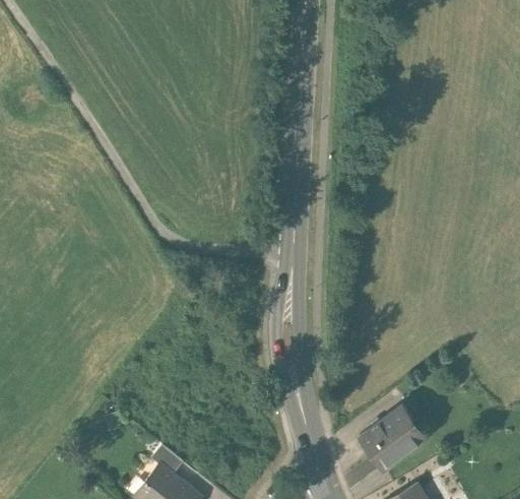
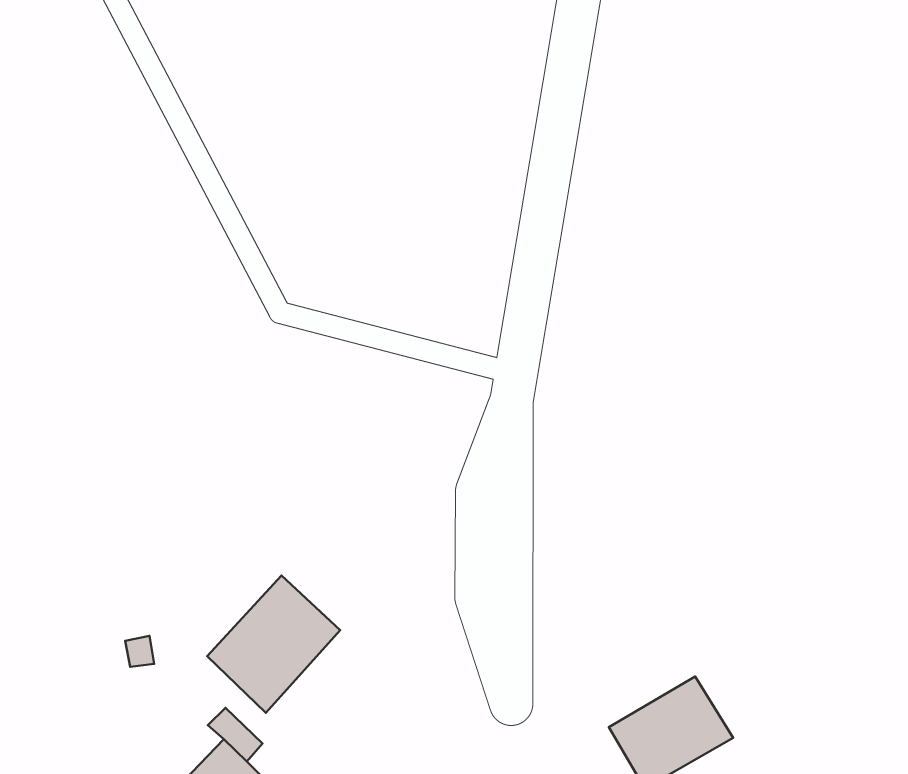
building: none -> [207,576,340,713]

